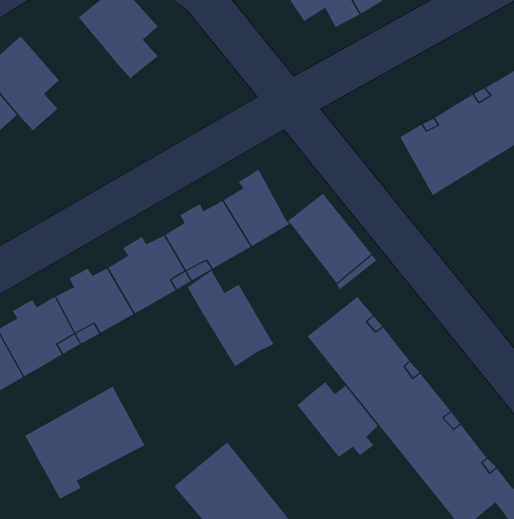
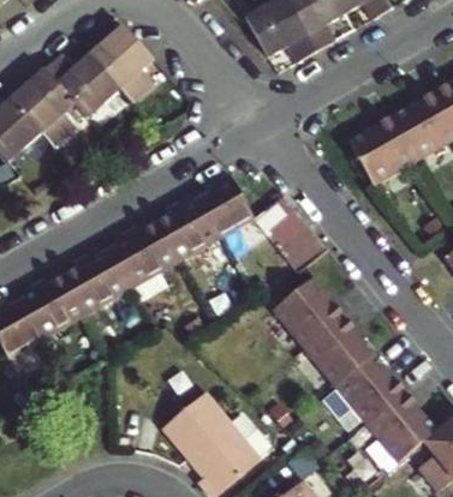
building: none -> [41,50,117,115]
building: [187,270,274,367] -> none
building: [296,381,378,458] -> none
building: [25,386,145,500] -> none

